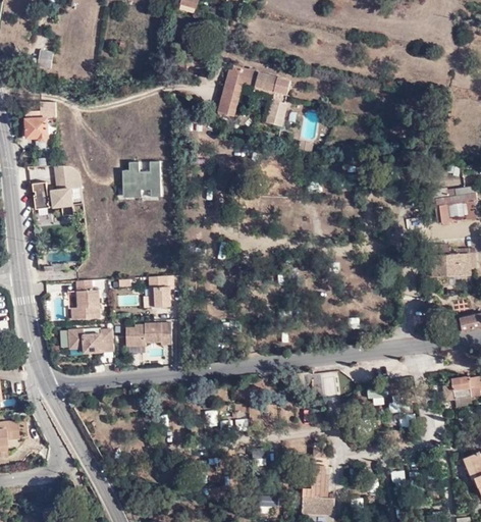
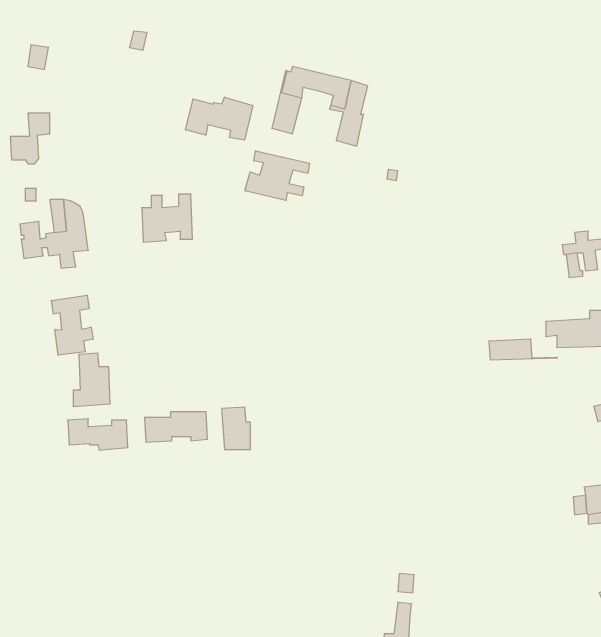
building: none -> [186,97,253,140]
building: none -> [245,151,310,201]
building: none -> [51,295,93,355]
building: none -> [489,339,557,360]
building: [148,275,169,307] -> [222,407,250,450]

